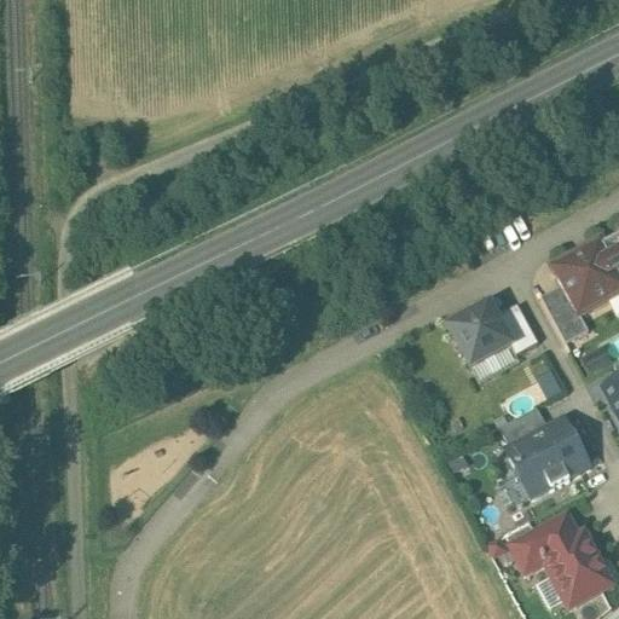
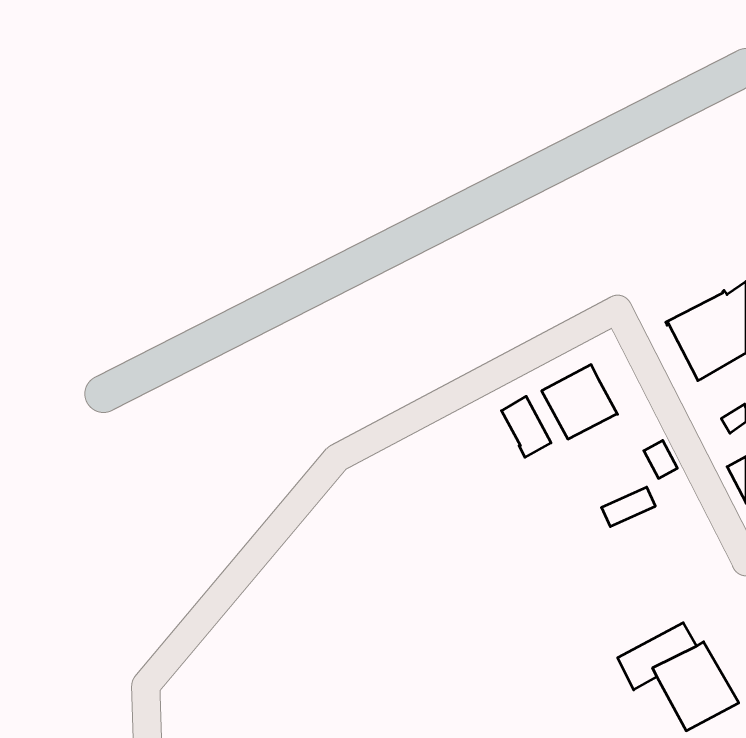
building: [540,283,588,341] -> none
building: [496,302,537,353] -> [501,396,551,457]
building: [504,418,586,496] -> none

